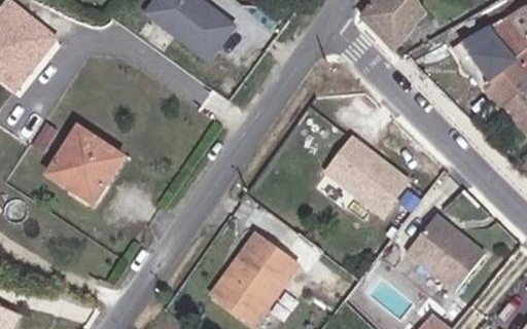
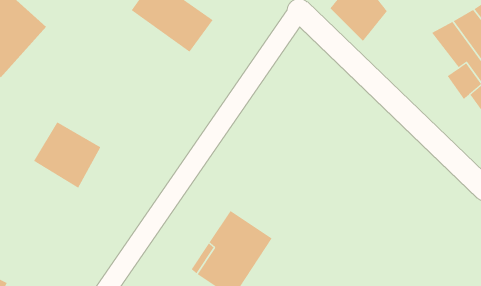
building: [329,130,412,207] -> none
building: [405,199,485,278] -> none

